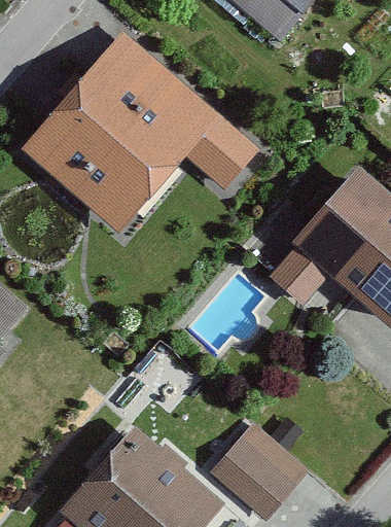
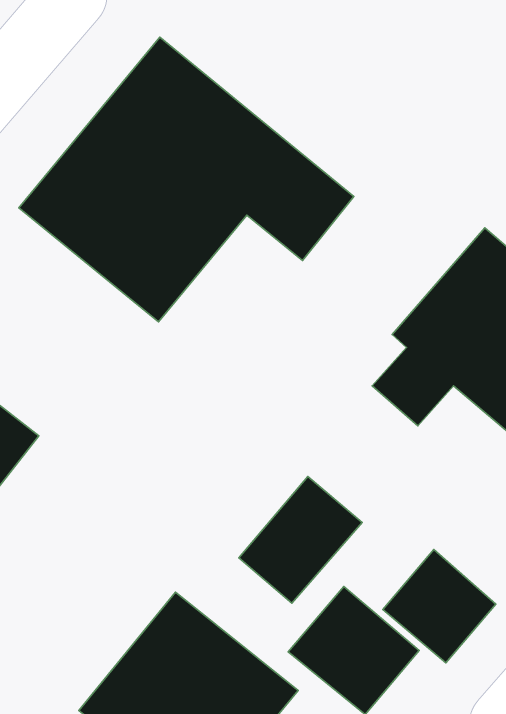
building: none -> [239,477,362,603]
building: none -> [383,549,496,663]

